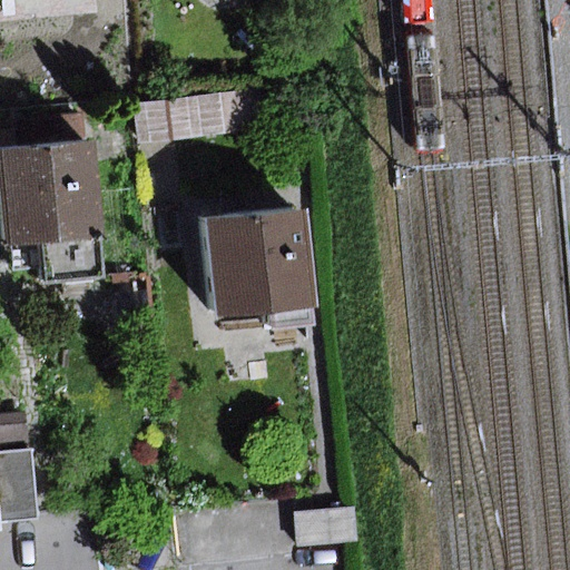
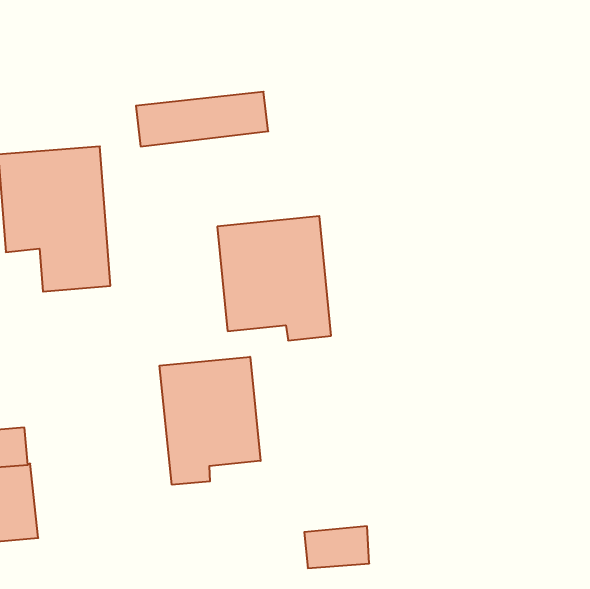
building: none -> [160,357,261,485]

